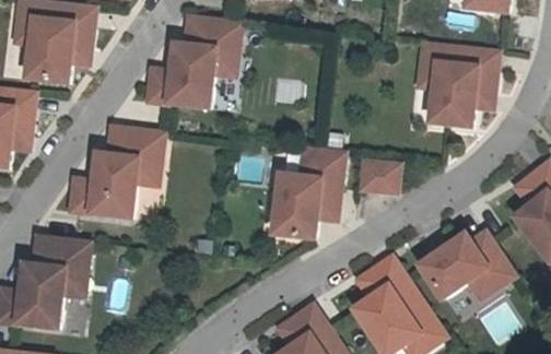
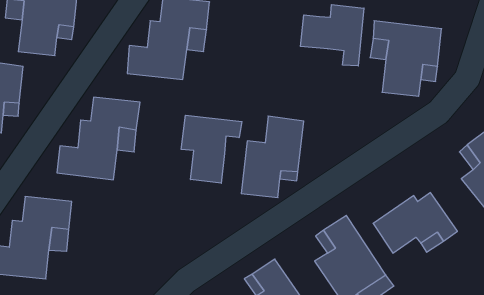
building: none -> [300,5,364,66]
building: none -> [181,115,242,183]
building: [361,161,401,193] -> none

